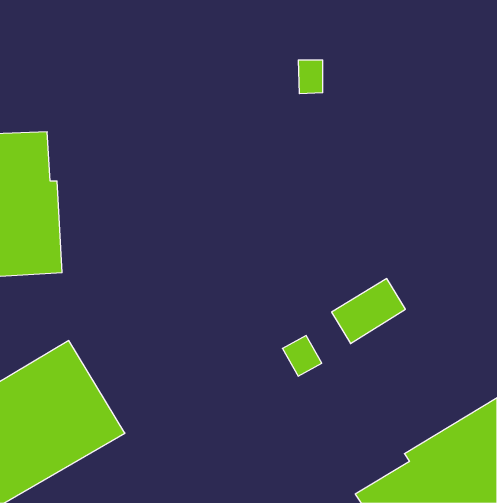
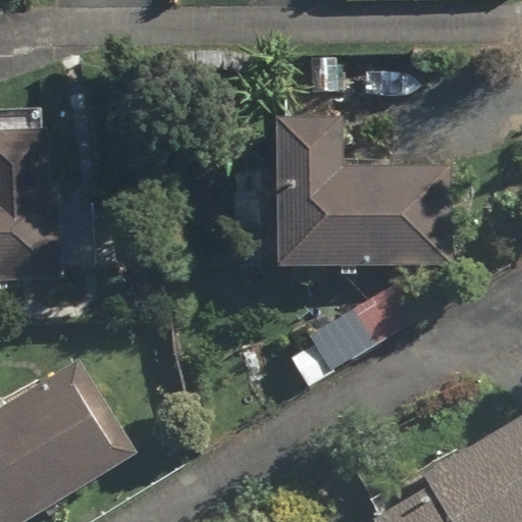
building: none -> [282,123,454,273]

